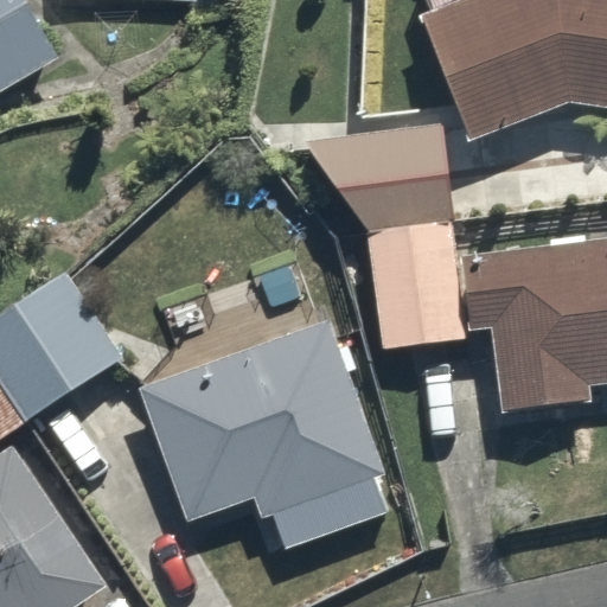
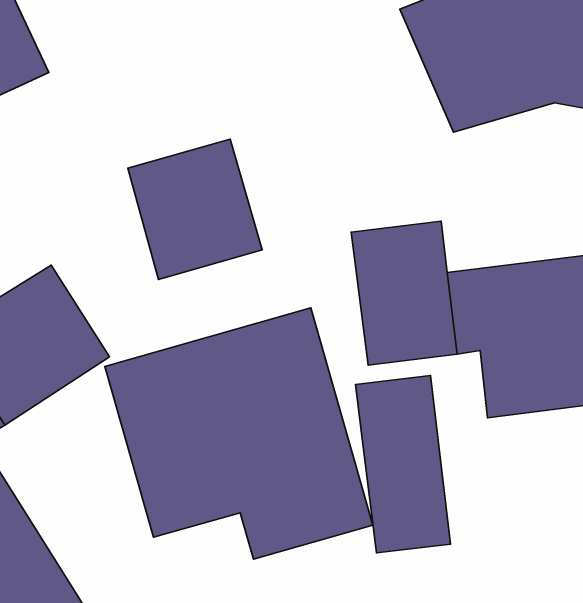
building: [317,121,456,229] -> none
building: none -> [128,139,262,279]
building: none -> [356,375,450,553]

